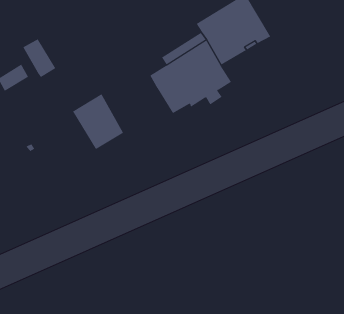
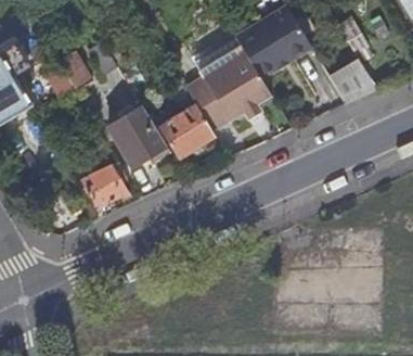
building: none -> [330,60,377,104]
building: none -> [158,102,216,157]
building: none -> [85,161,127,206]

